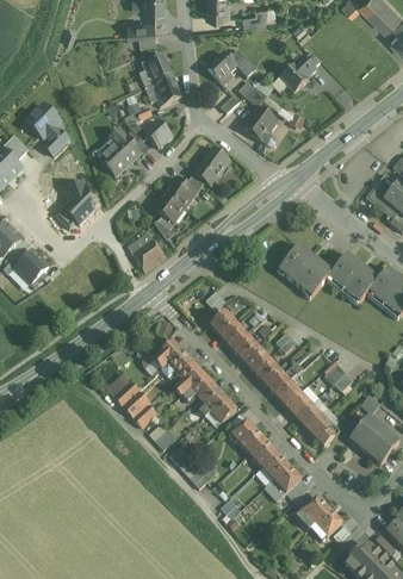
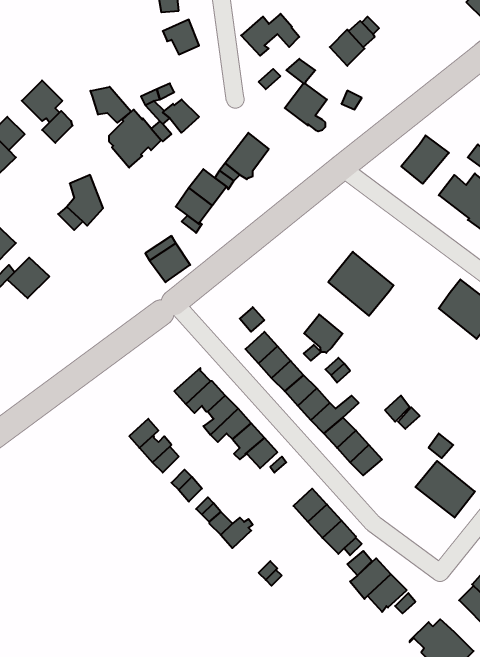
building: [144,74,180,104] -> none
building: none -> [90,87,131,123]
building: none -> [401,135,449,184]
building: [327,251,377,300] -> none
building: none -> [304,314,343,353]
building: [305,413,337,446] -> none
building: [228,418,264,452] -> none

